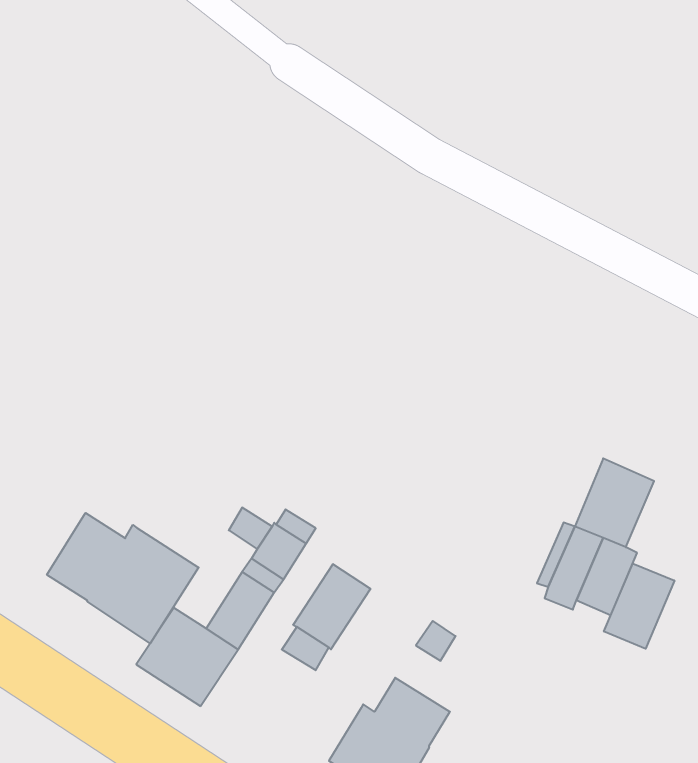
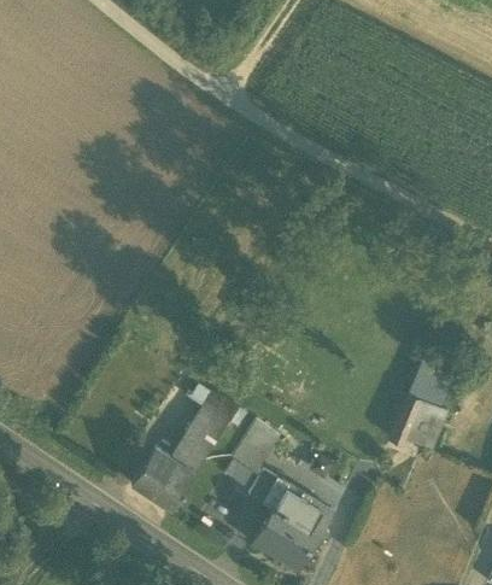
building: [47,513,199,643] -> none
building: [604,563,674,649] -> none
building: none -> [247,469,294,511]

